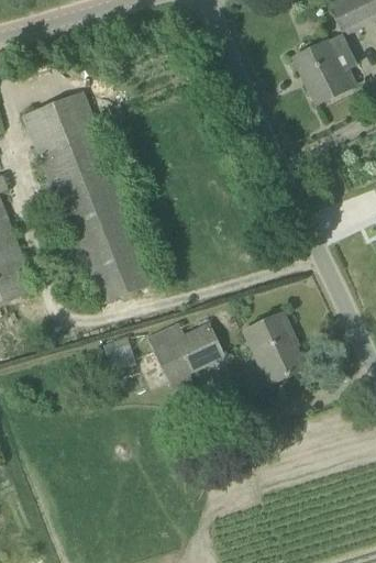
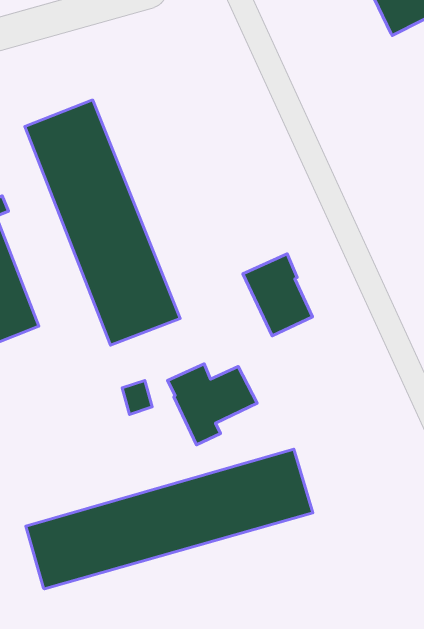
building: [294,33,357,104] -> none
building: [244,312,305,384] -> [243,254,312,336]
building: none -> [26,449,313,589]

